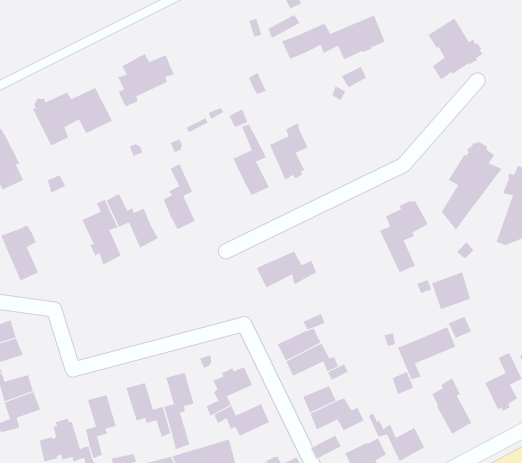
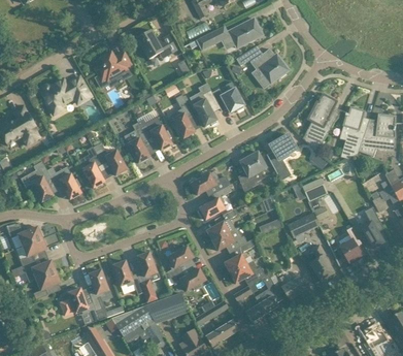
building: [428,18,483,80] -> [254,48,290,89]
building: none -> [137,30,177,60]
building: none -> [212,89,244,112]
building: none -> [138,116,173,151]
building: none -> [238,151,267,192]
building: none -> [47,167,82,199]
building: none -> [199,185,232,220]

